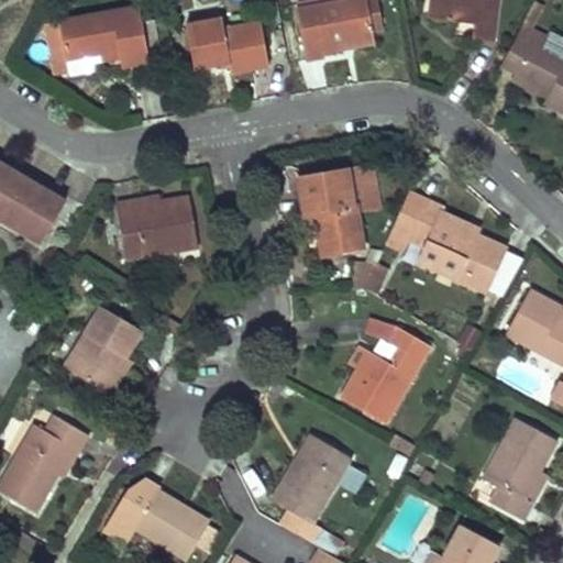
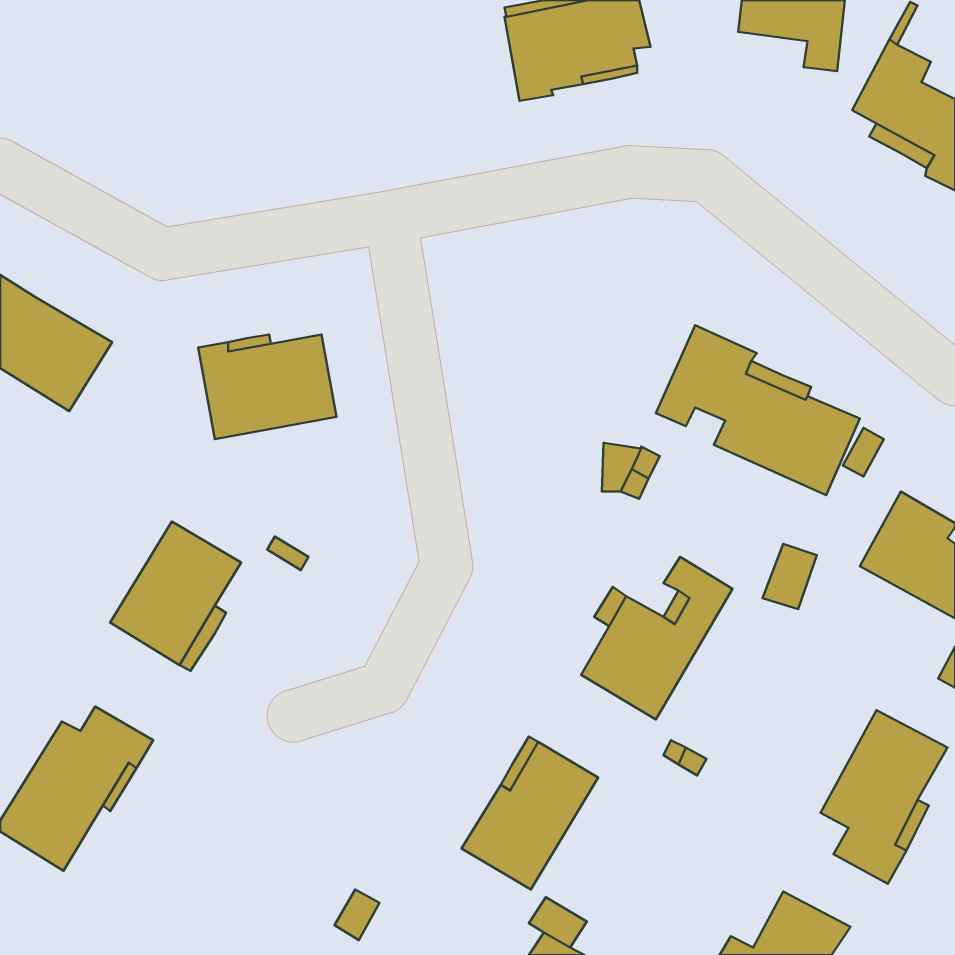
building: [46,7,150,77] -> none
building: [187,18,269,73] -> none
building: [298,164,379,255] -> none
building: [106,478,208,558] -> none

